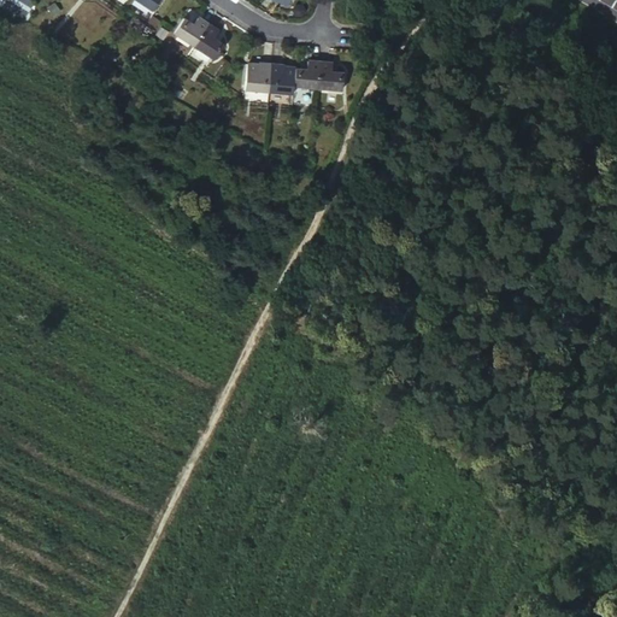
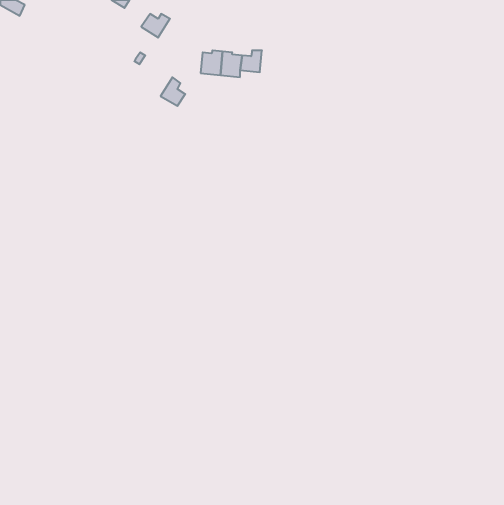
building: [194,23,224,58] -> [161,77,185,106]
building: [318,61,343,90] -> none

